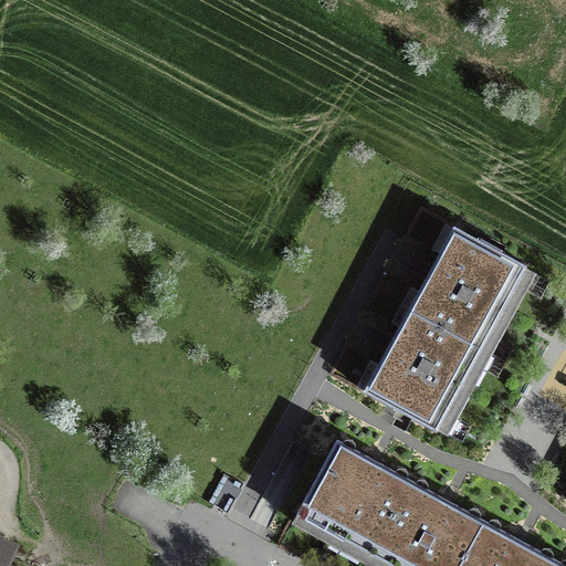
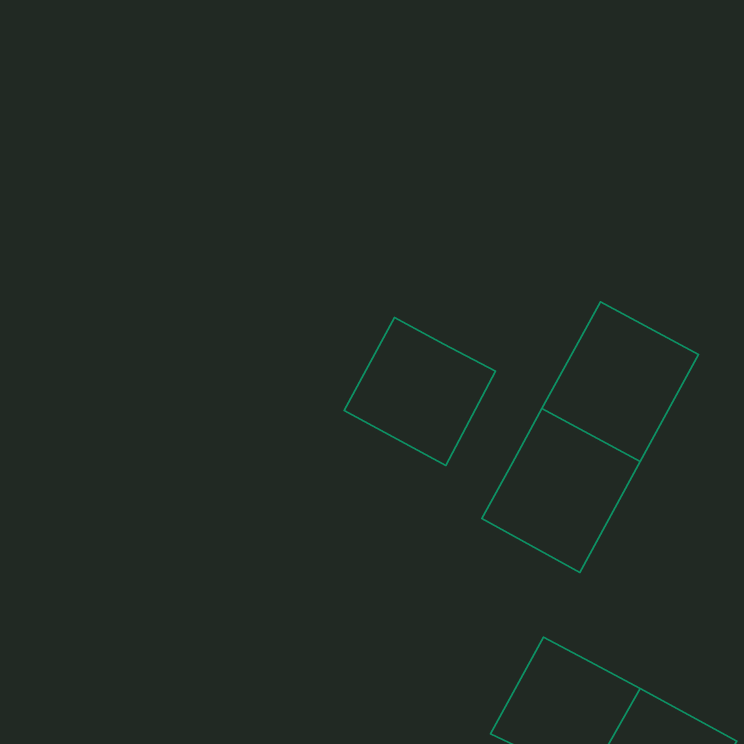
building: none -> [344,318,495,465]
building: [300,443,413,557] -> none

